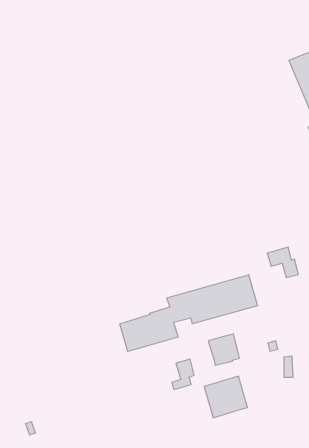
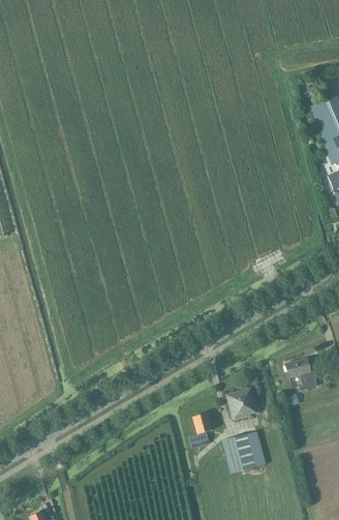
building: [267,247,298,277] -> [284,357,316,388]
building: [120,275,257,351] -> none

